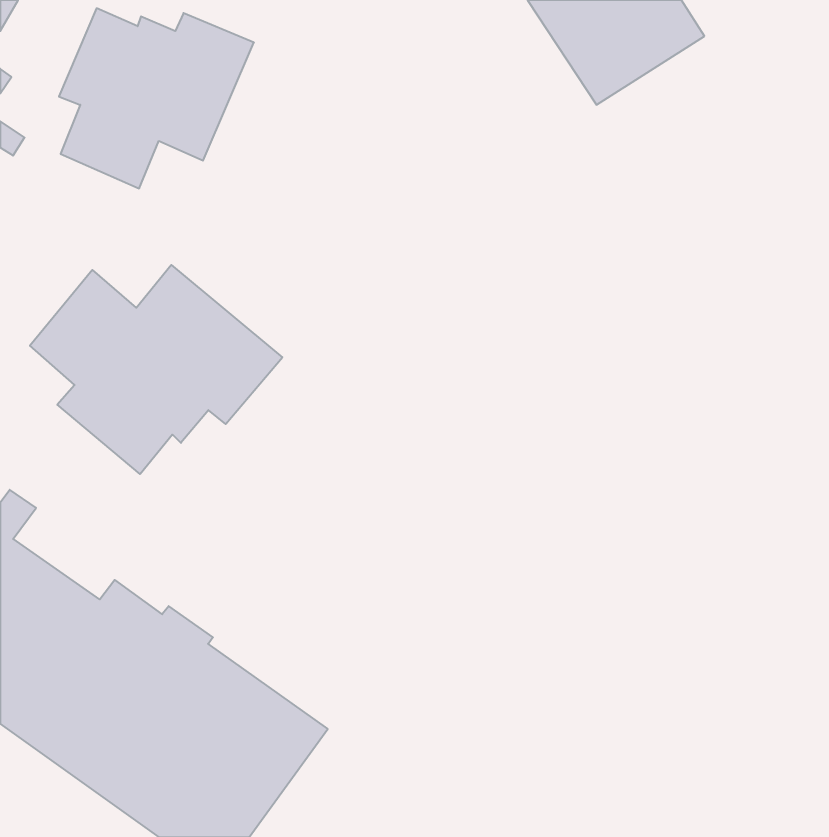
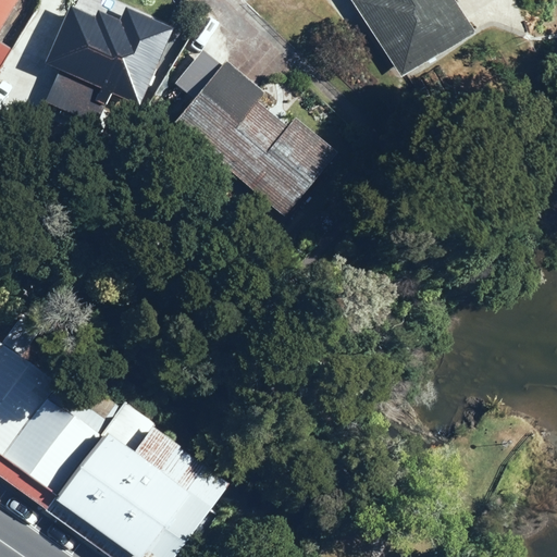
building: none -> [174,60,337,227]
building: [30,265,282,474] -> none

